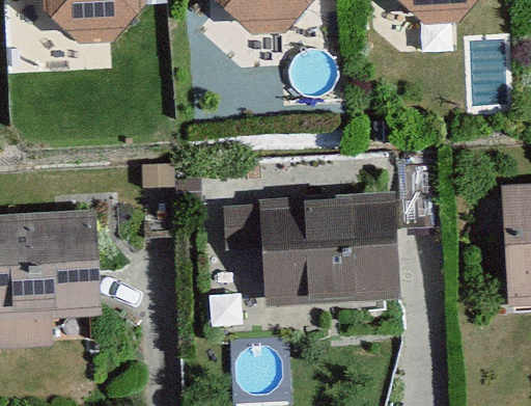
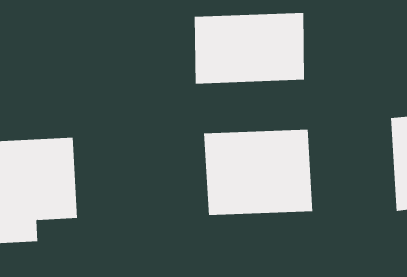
building: none -> [194,12,305,84]

